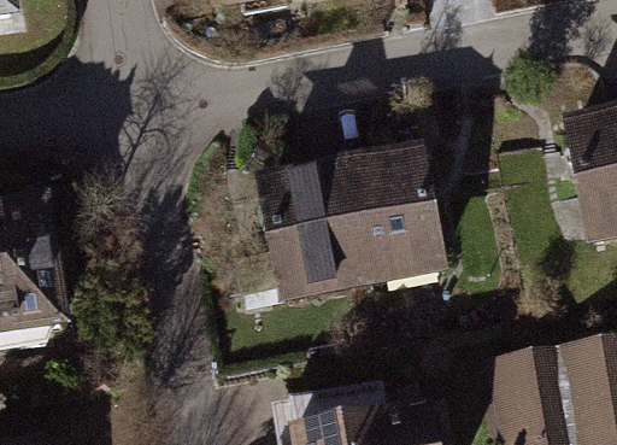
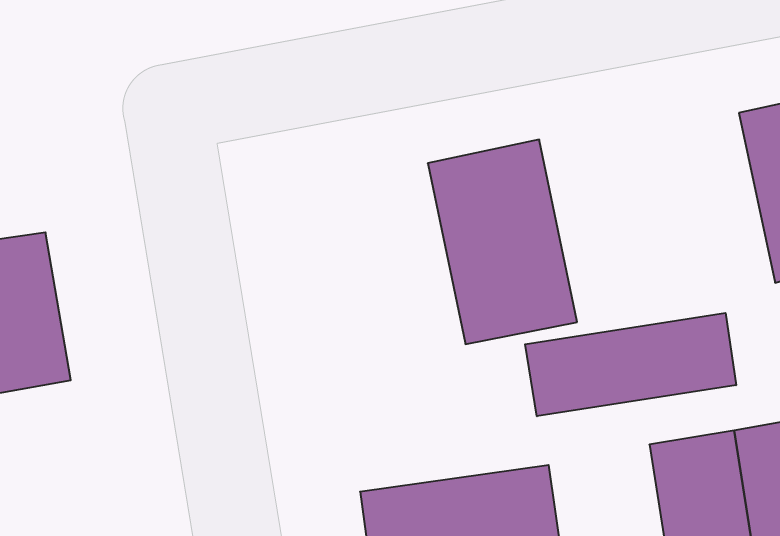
building: [252,152,363,308] -> none
building: none -> [525,313,736,416]

